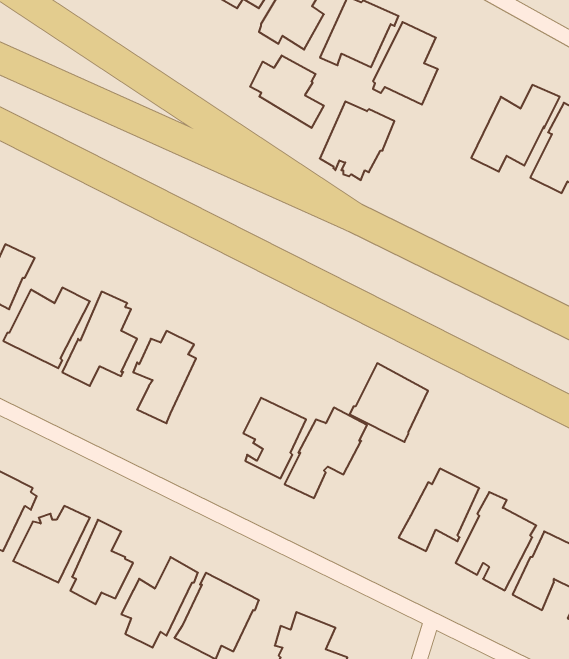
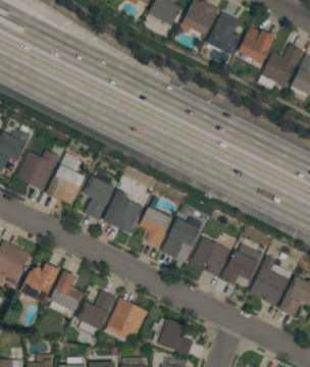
building: [250,55,324,128] -> none
building: [320,101,394,180] -> [236,27,274,67]
building: [350,363,428,442] -> [189,237,229,277]
building: none -> [102,190,142,234]

